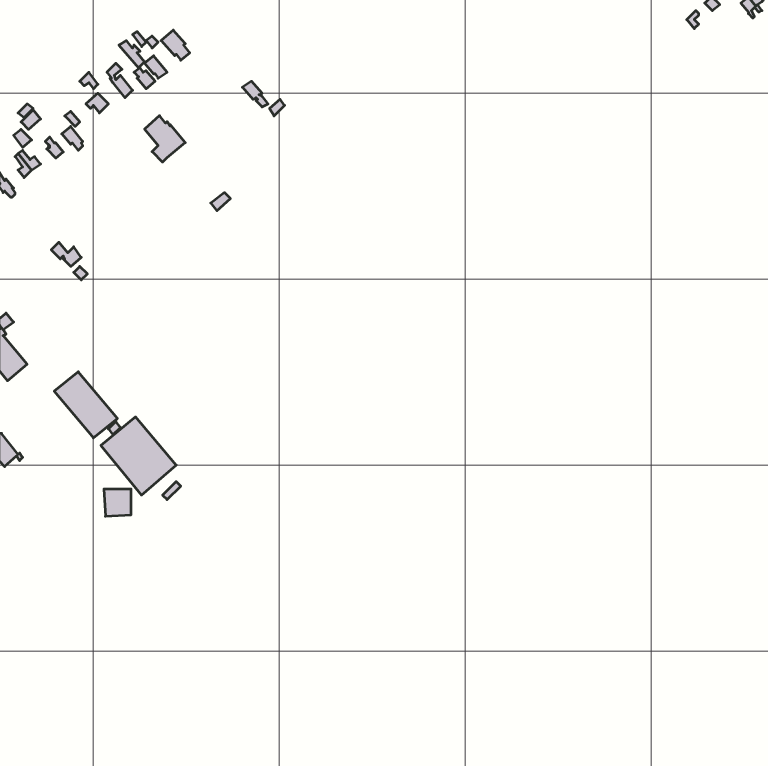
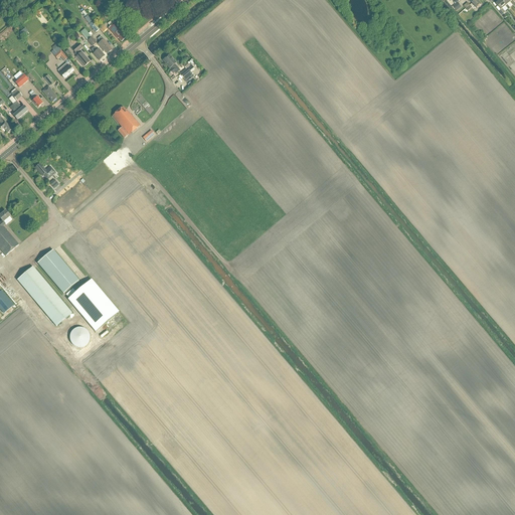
building: [145,116,185,162] -> [112,106,139,137]
building: none -> [16,266,70,325]

